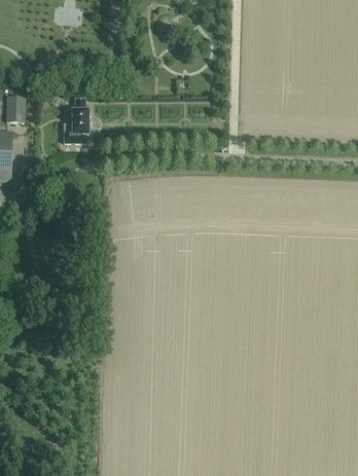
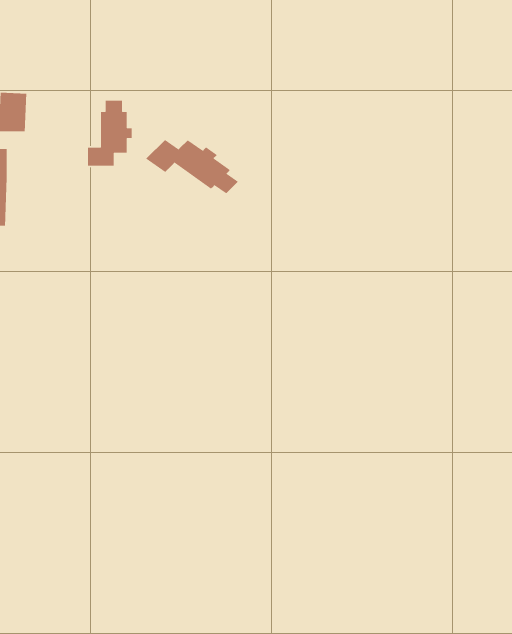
building: none -> [145,139,239,194]

